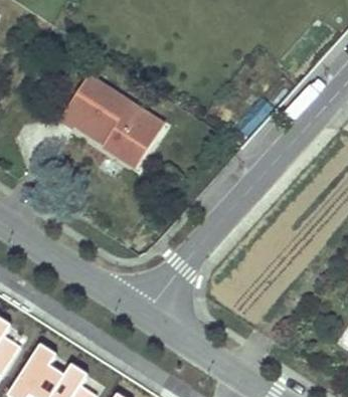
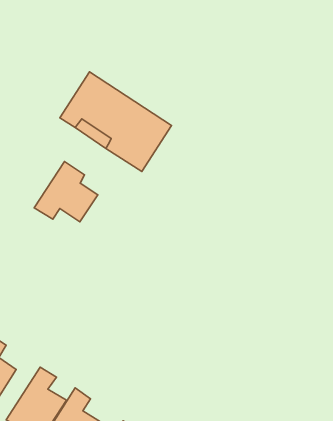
building: none -> [34,162,98,222]

